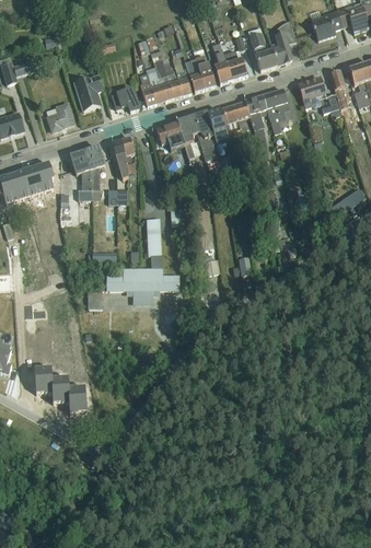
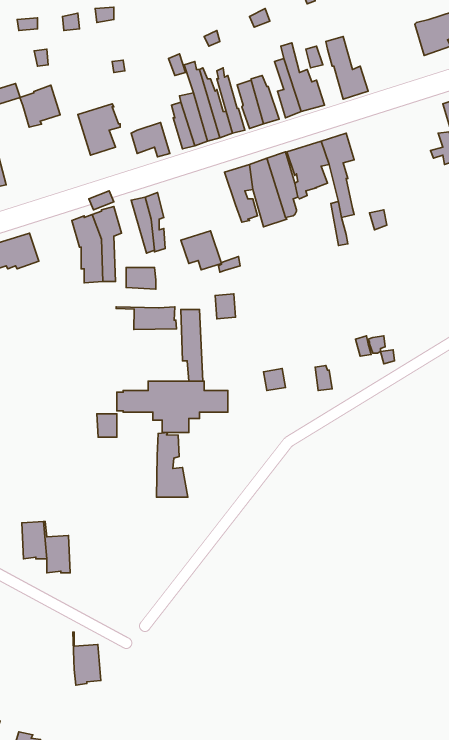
building: [270,21,294,66] -> none
building: [298,78,325,107] -> none
building: [262,89,291,133] -> none
building: [45,102,73,131] -> [20,85,60,127]
building: [155,123,184,150] -> [181,231,221,270]
building: none -> [116,307,176,329]
building: none -> [157,433,188,497]
building: [67,377,86,415] -> [73,632,101,685]

